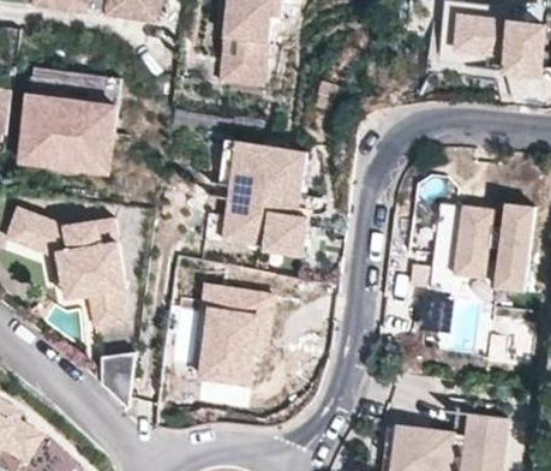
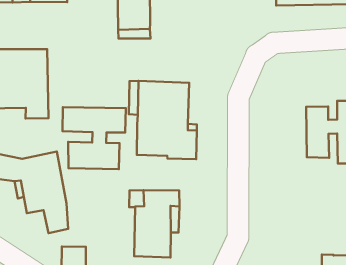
building: none -> [62,107,126,169]

